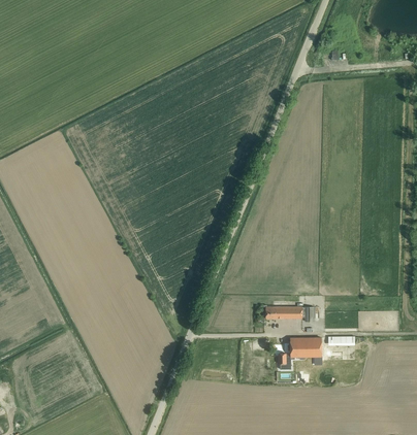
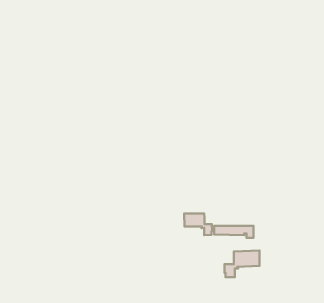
building: none -> [184,214,212,235]

